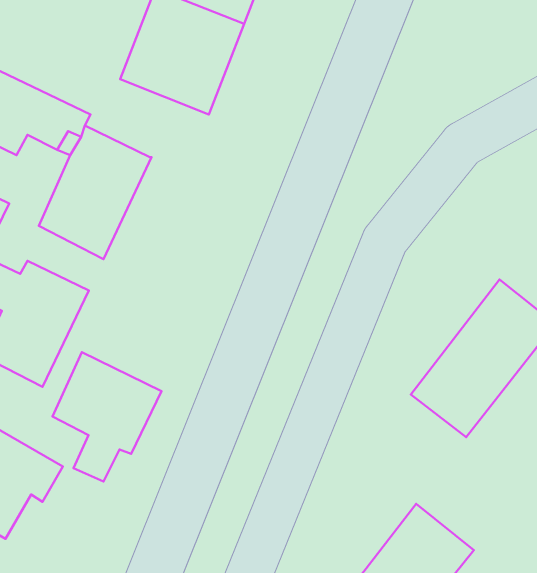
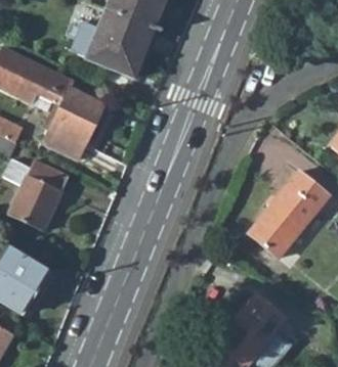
building: [52,352,161,481] -> none

